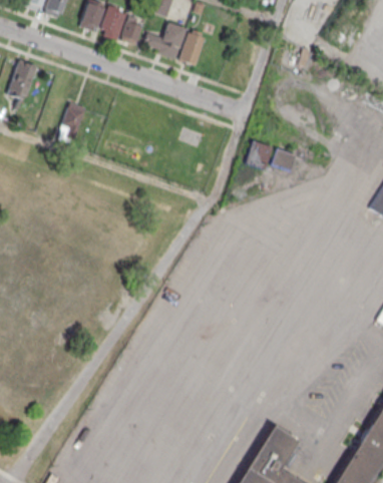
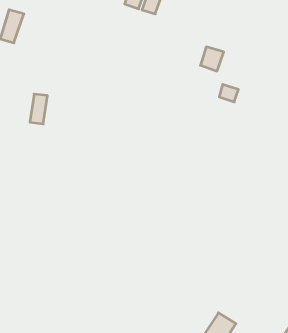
building: [63,103,84,139] -> [30,94,47,124]
building: [247,141,275,170] -> [200,47,224,71]

